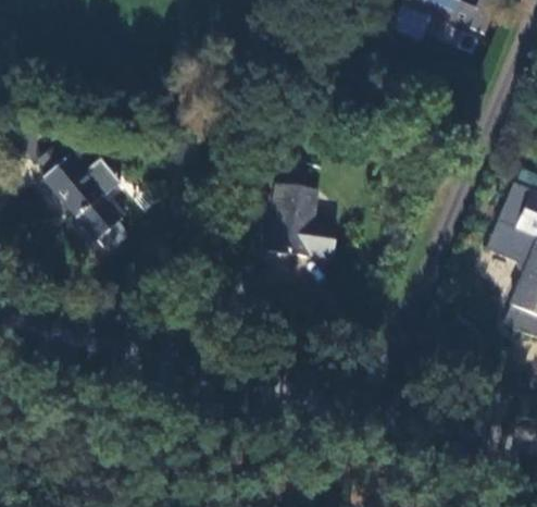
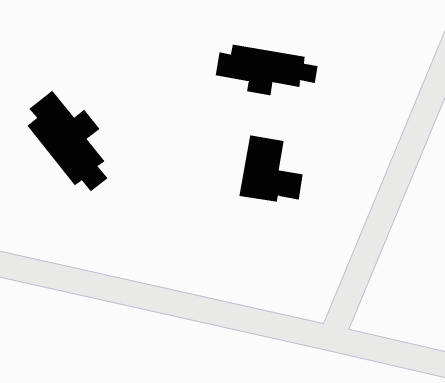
building: none -> [215,44,318,96]

